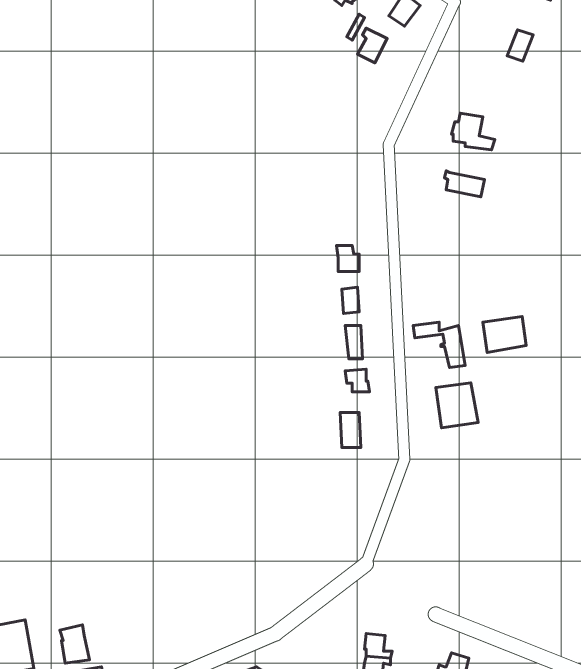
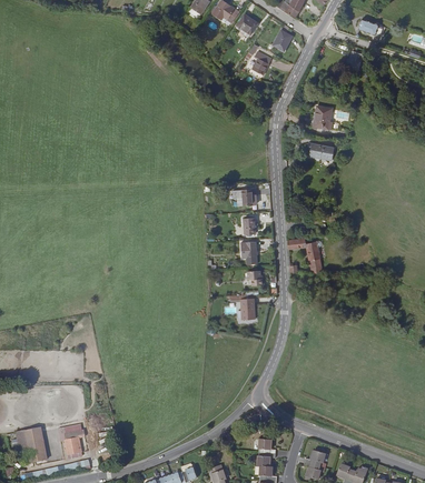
building: [483,317,526,352] -> none
building: [436,383,478,428] -> none

